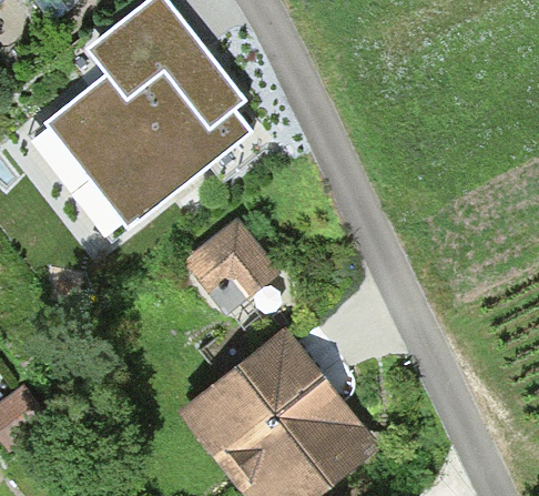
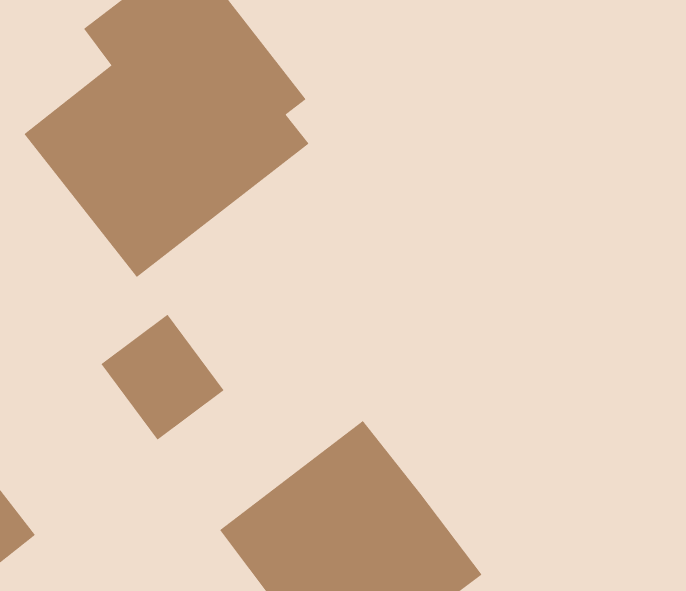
building: [187,217,277,310] -> [101,314,225,441]

